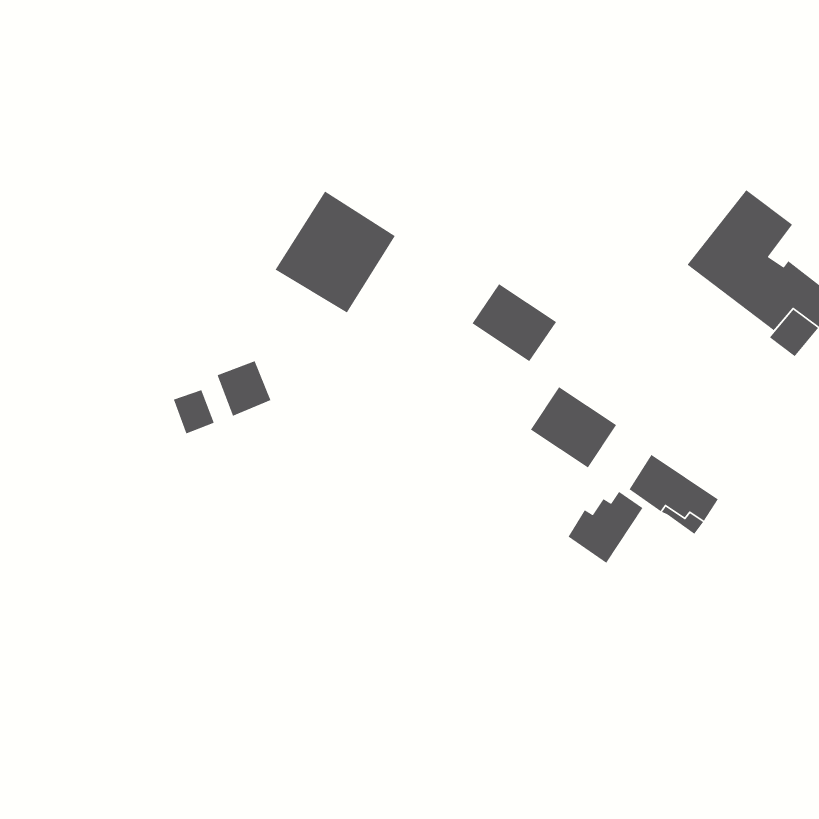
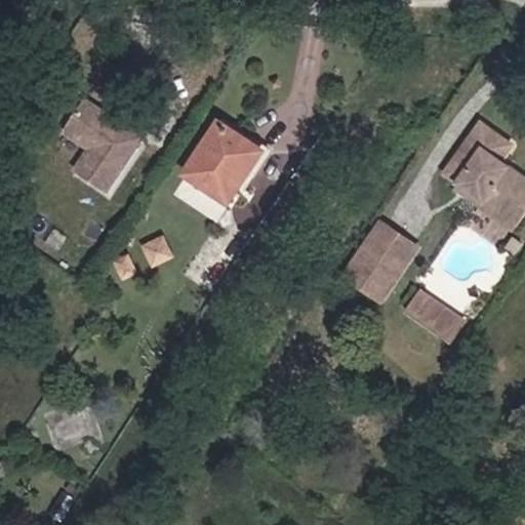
building: none -> [70,92,149,184]
building: [471,283,557,362] -> [359,224,413,274]
building: [567,491,644,564] -> none

